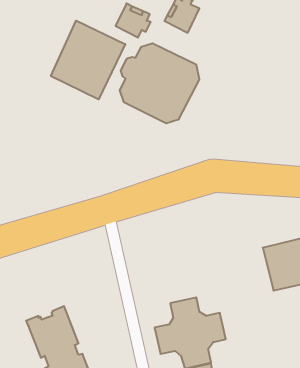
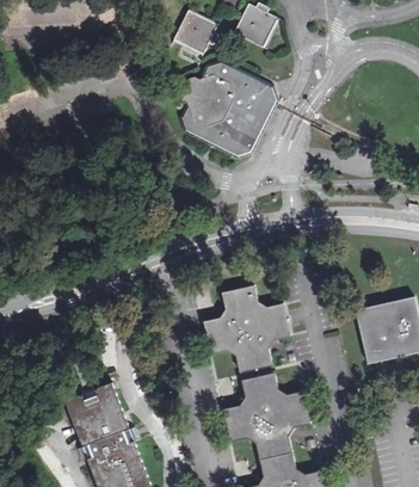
building: [51,21,125,99] -> none
building: none -> [202,284,290,371]

